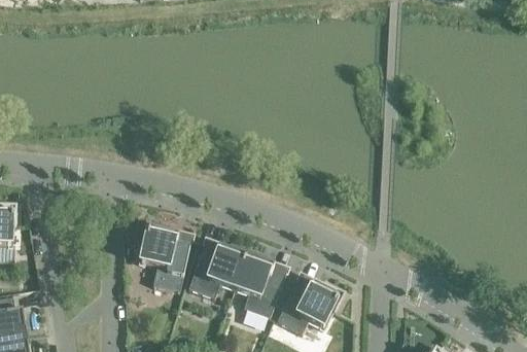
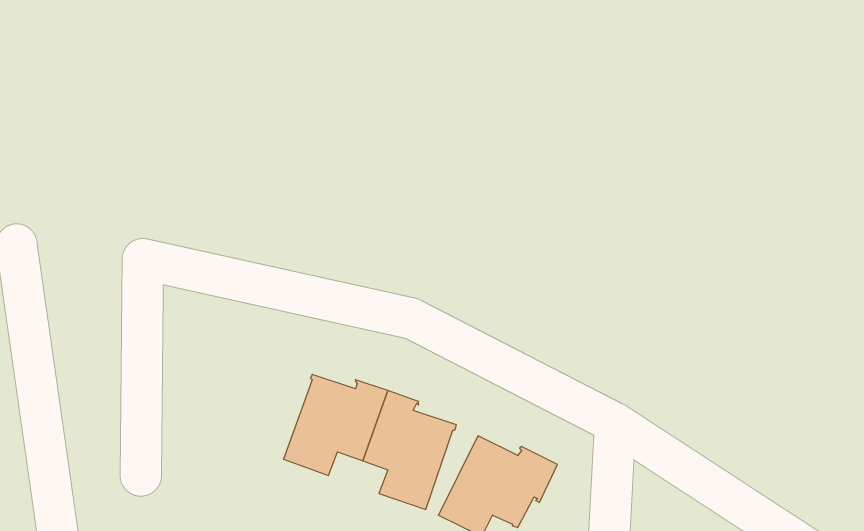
building: [140,221,190,291] -> none

